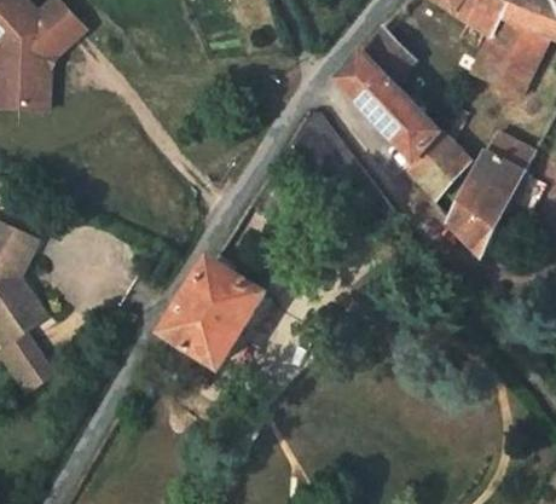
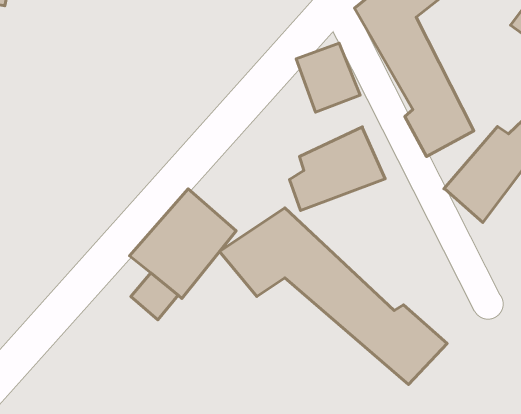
building: none -> [289,127,385,211]
building: none -> [220,208,447,384]

